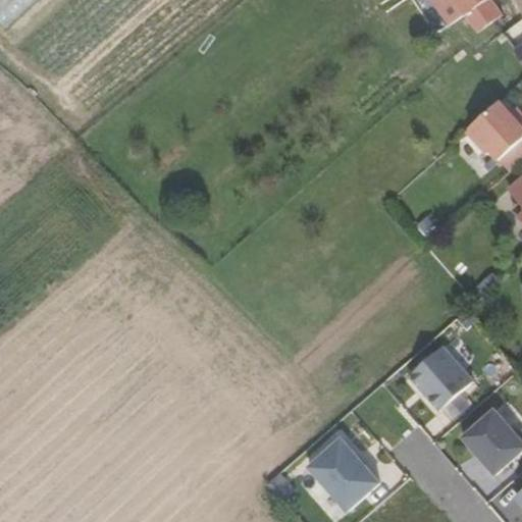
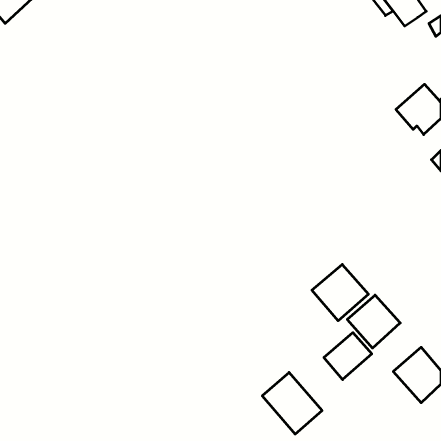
building: none -> [312,264,368,321]
building: none -> [324,333,372,380]

